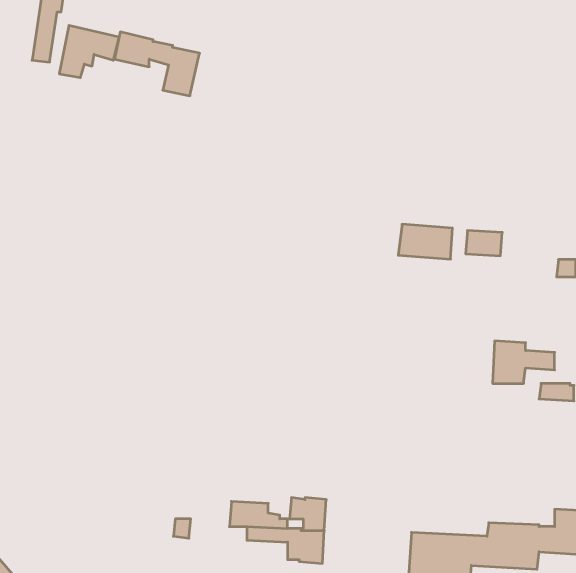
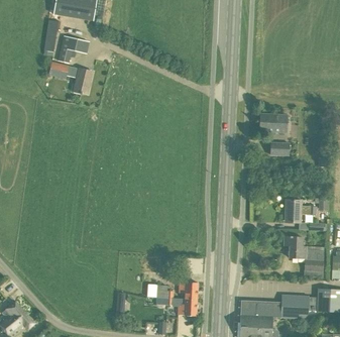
building: [114,32,200,96] -> [47,61,92,94]
building: [398,224,452,259] -> [258,114,287,132]
building: none -> [284,236,323,270]

